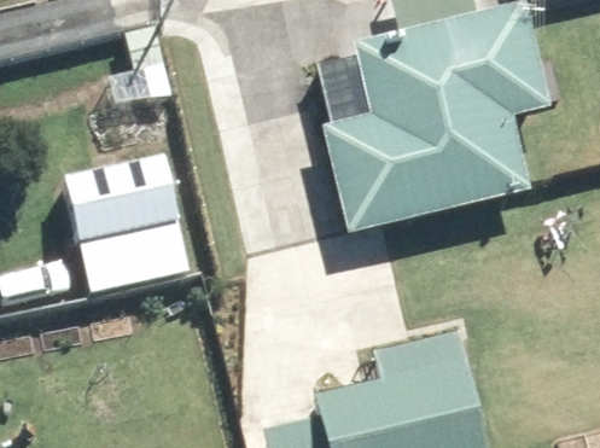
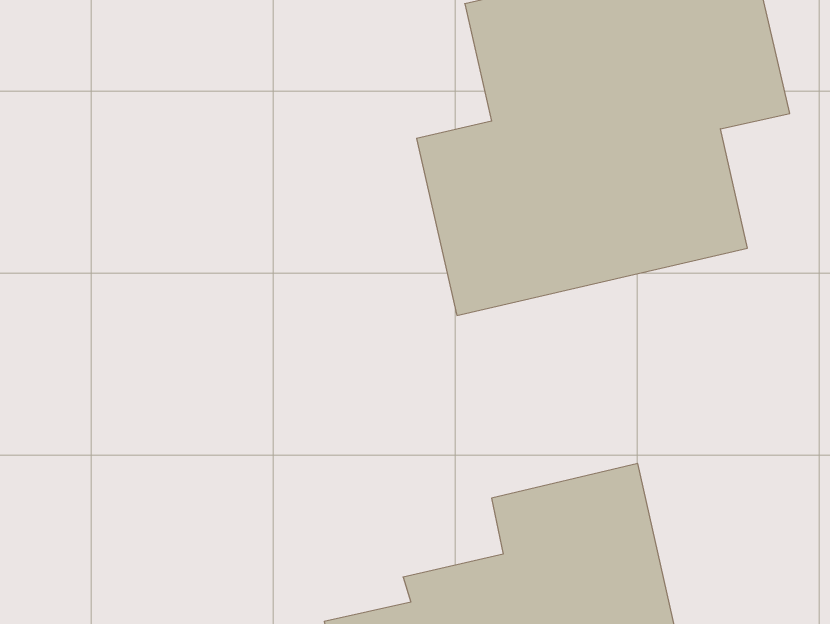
building: [64,141,204,296] -> none

